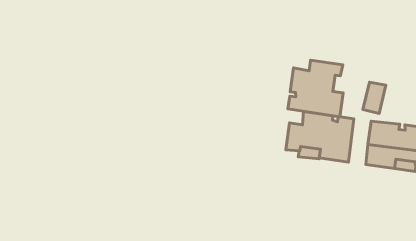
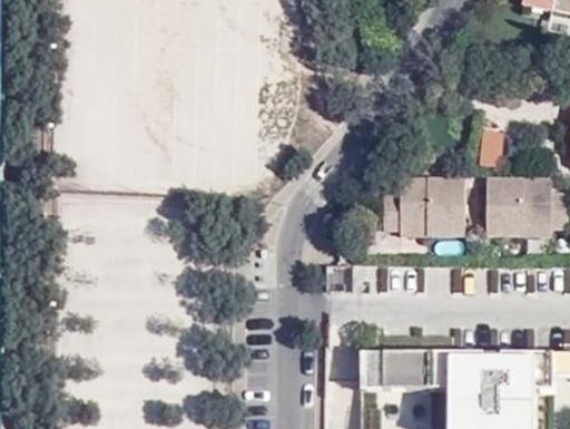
building: [288,60,343,117] -> none

